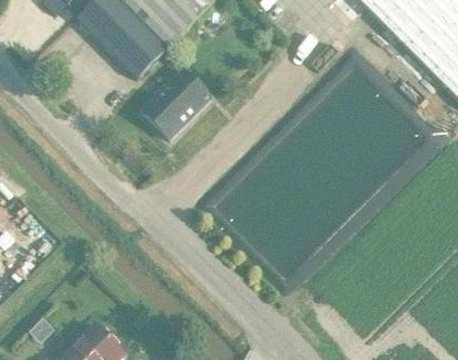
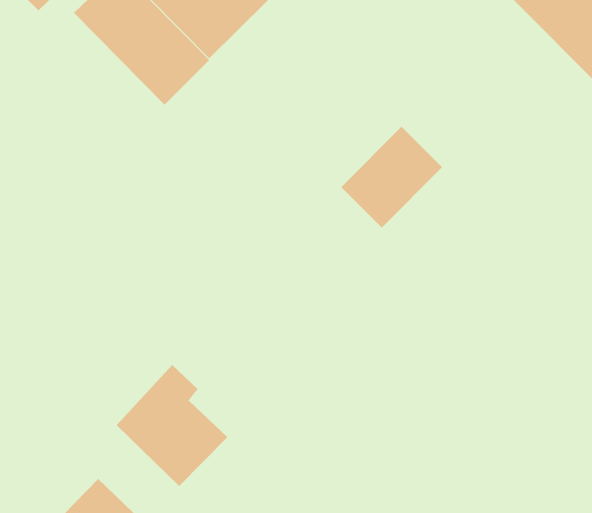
building: [144,71,212,139] -> [340,126,443,229]
building: none -> [116,364,228,487]

